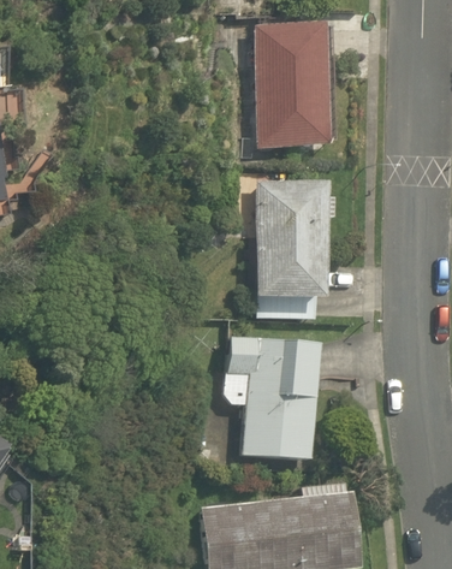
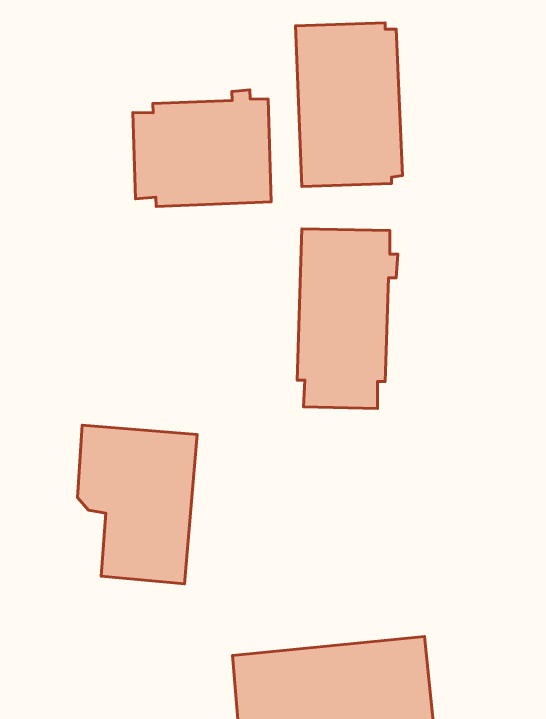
building: none -> [133,90,271,206]
building: [225,337,316,458] -> [78,425,197,584]

